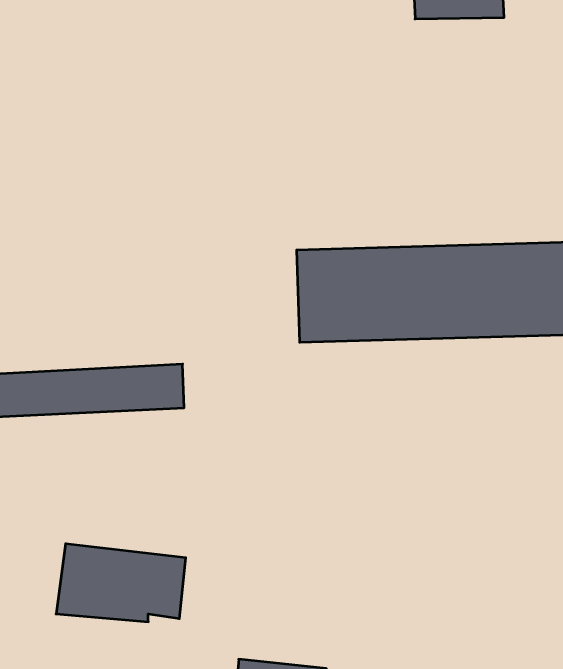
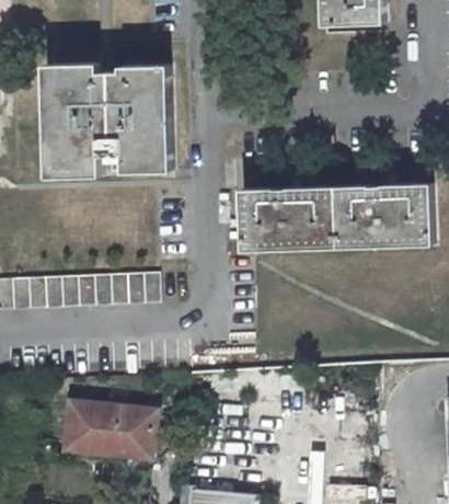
building: none -> [41,66,168,179]

